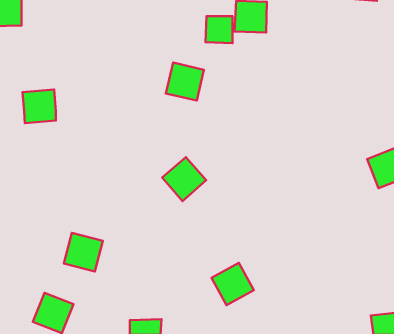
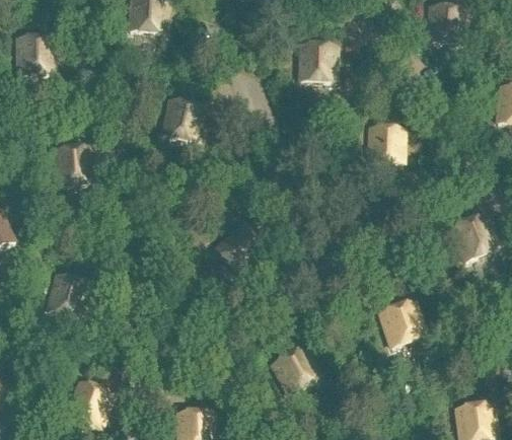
building: [206,16,233,43] -> none
building: [166,63,204,100] -> [160,97,204,141]
building: none -> [367,125,403,160]
building: none -> [378,300,424,346]
building: [64,233,103,272] -> [46,273,90,317]

